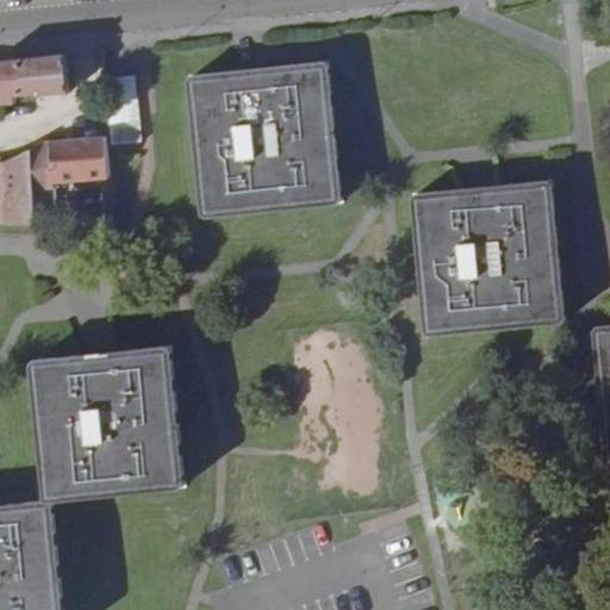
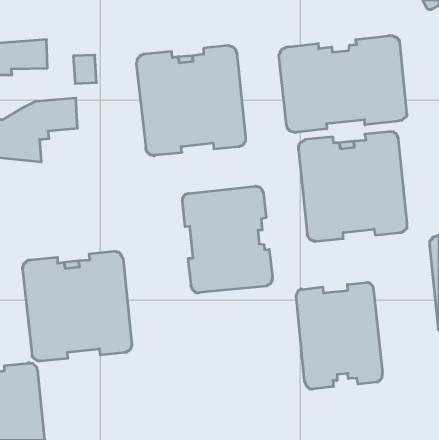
building: none -> [279,35,407,133]
building: none -> [182,186,273,293]
building: none -> [296,282,382,389]

